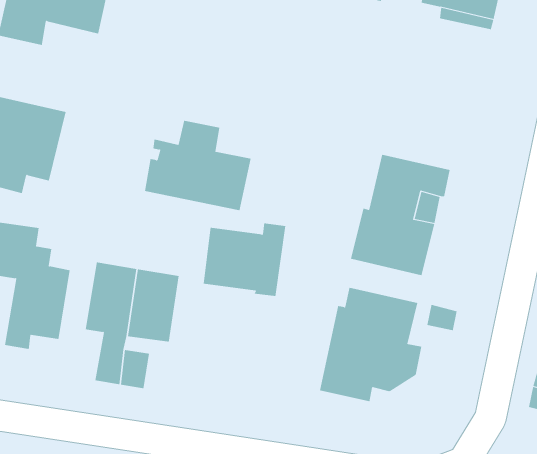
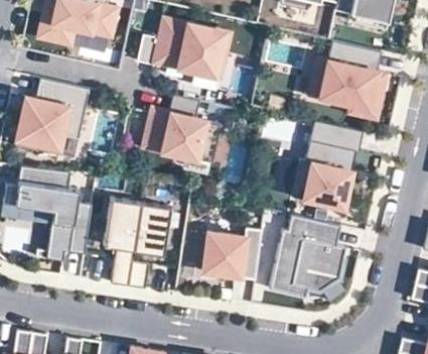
building: none -> [135,19,228,78]
building: none -> [315,43,391,123]
building: [203,223,286,297] -> [199,228,259,280]

